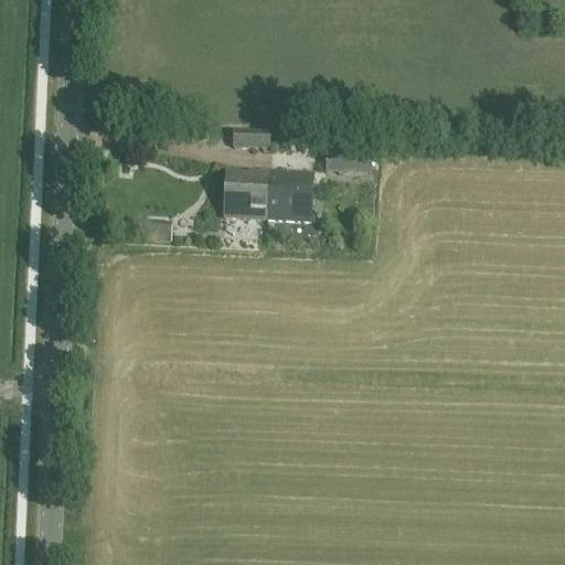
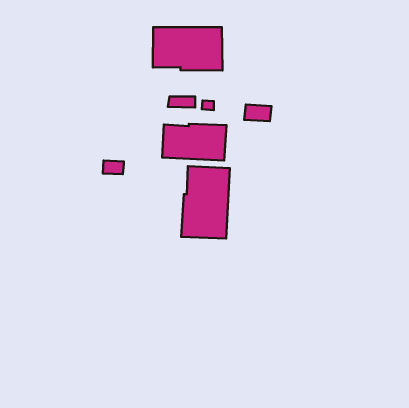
building: none -> [153,27,222,71]
building: none -> [181,166,230,239]

